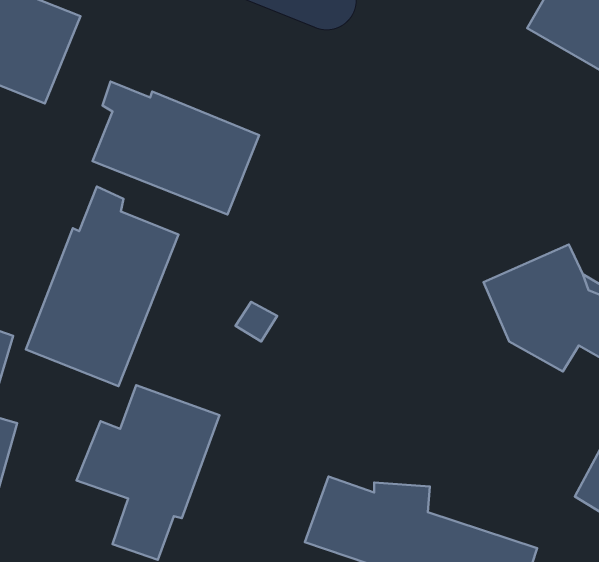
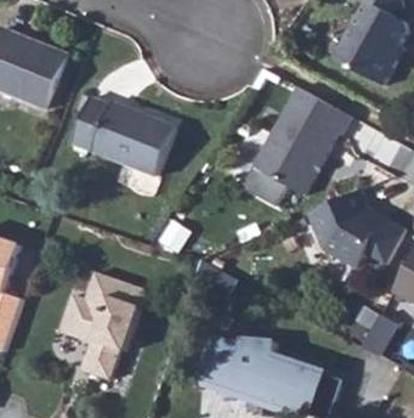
building: none -> [242,87,351,207]
building: [26,187,179,386] -> none

